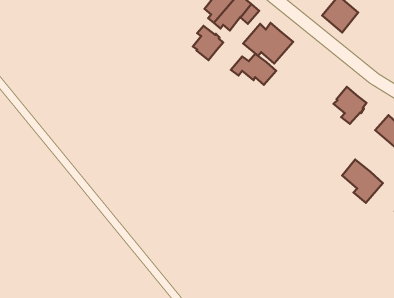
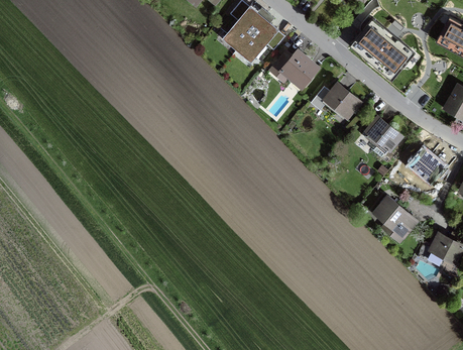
building: none -> [373,38,412,77]
building: [193,26,223,60] -> none
building: [231,54,276,85] -> [311,84,359,117]

